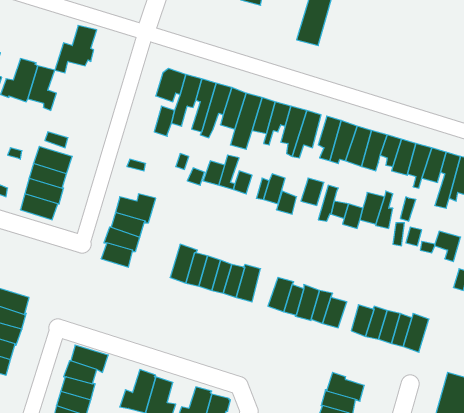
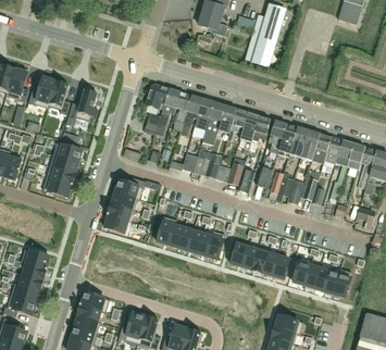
building: [55,25,97,73] -> [66,90,98,126]

